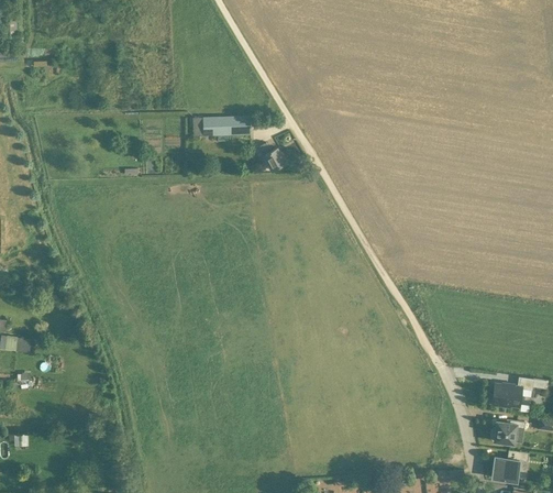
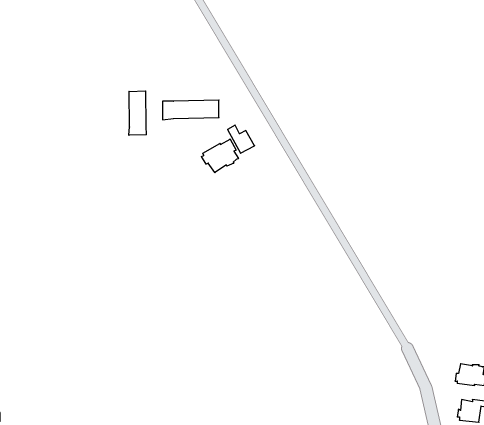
building: none -> [129,91,146,135]
building: none -> [201,139,238,173]

